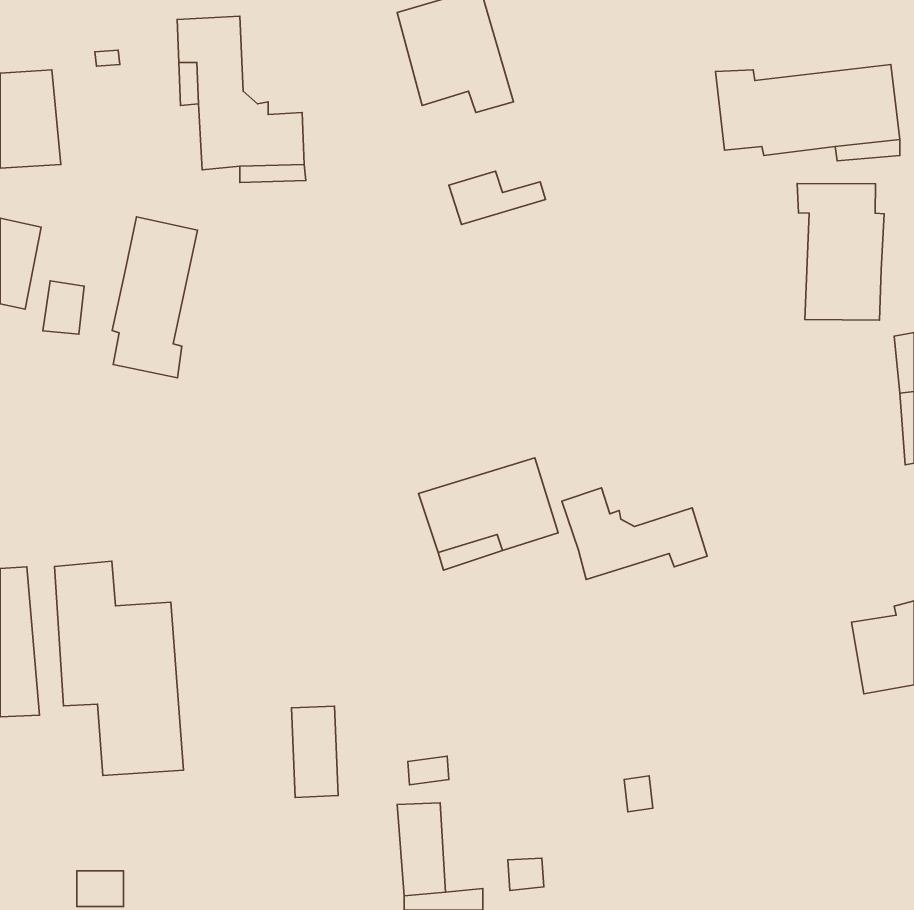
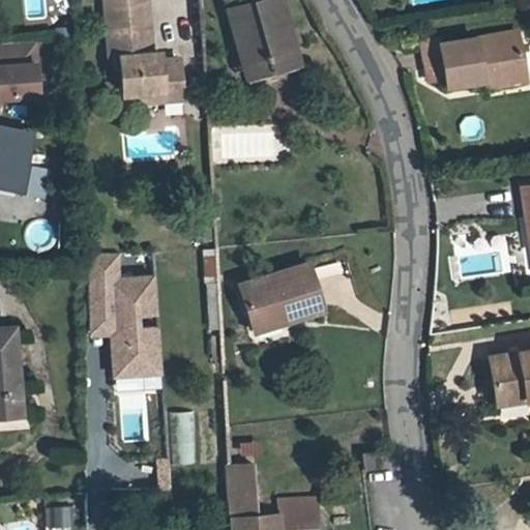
building: [449,171,545,225] -> [244,53,300,84]
building: [797,184,884,320] -> none
building: [112,217,198,378] -> none
building: [562,488,707,580] -> none
building: [55,561,183,776] -> [88,251,163,375]

